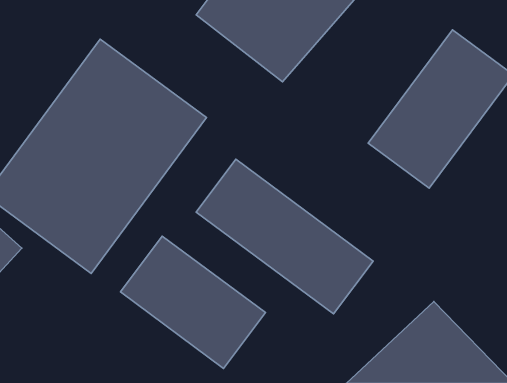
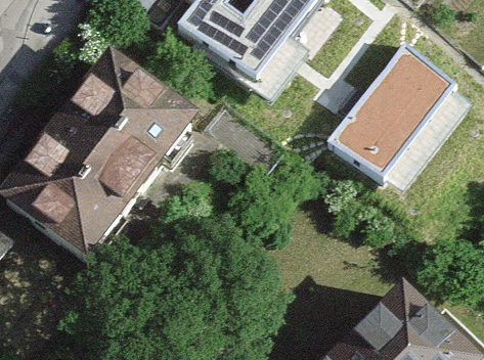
building: [196,159,373,314] -> none
building: [121,236,265,368] -> none

